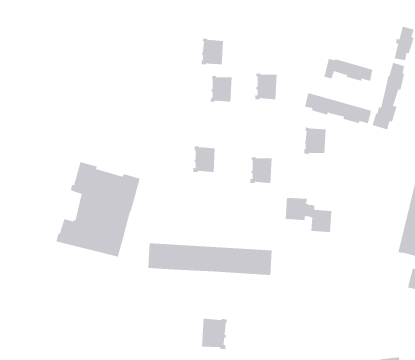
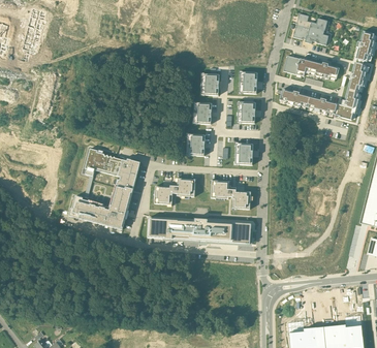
building: none -> [294,13,329,45]
building: [201,38,224,65] -> [193,101,213,124]
building: [303,127,327,155] -> [238,100,257,124]
building: [285,197,332,233] -> [212,180,252,210]
building: none -> [155,178,196,204]
building: [201,318,228,350] -> none

